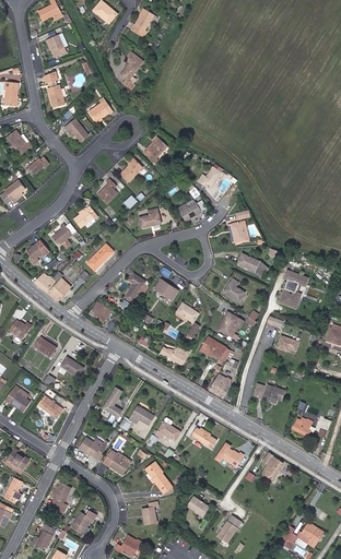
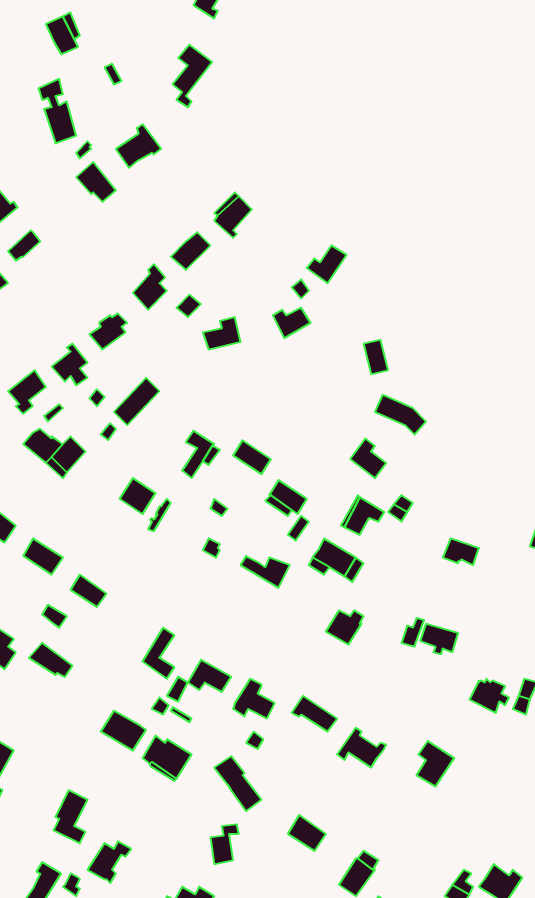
building: [280,272,307,308] -> none

